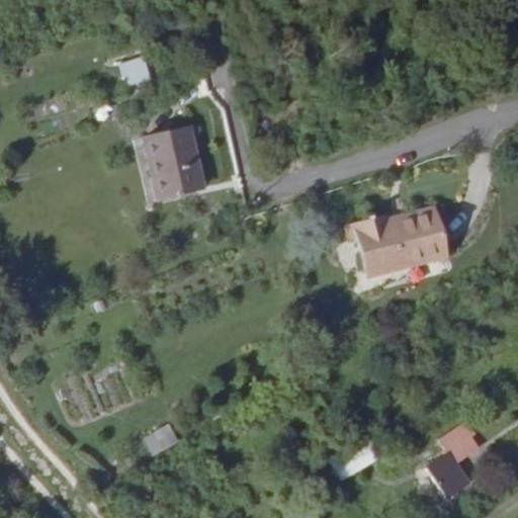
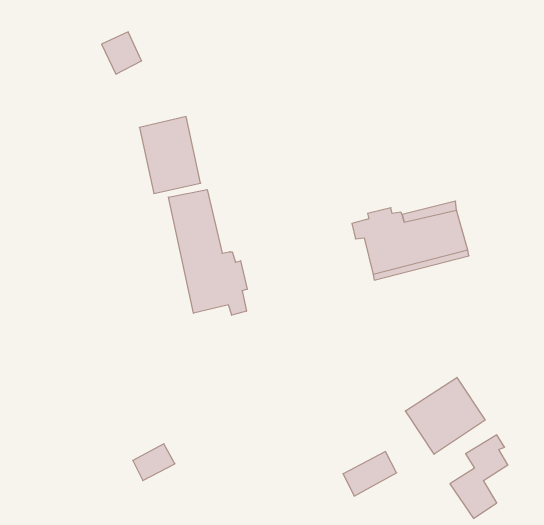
building: none -> [168,190,247,315]
building: none -> [405,377,485,454]

